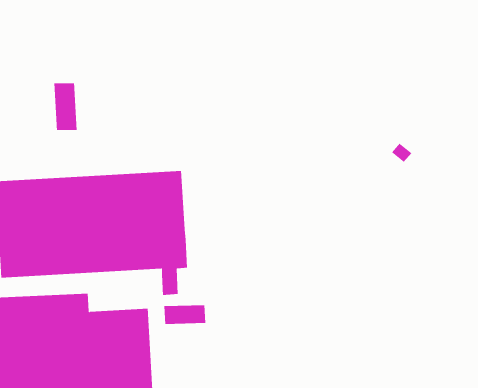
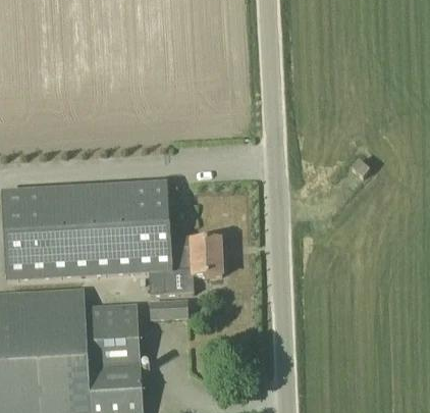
building: [54,82,77,131] -> none
building: none -> [162,238,221,292]

